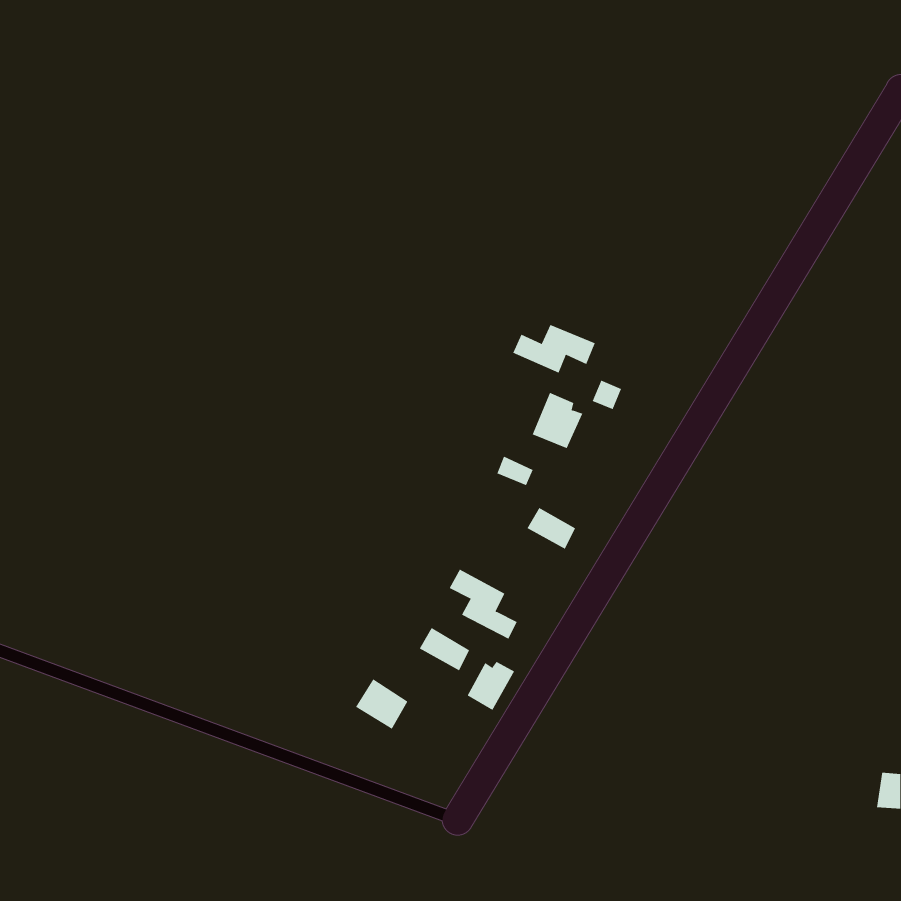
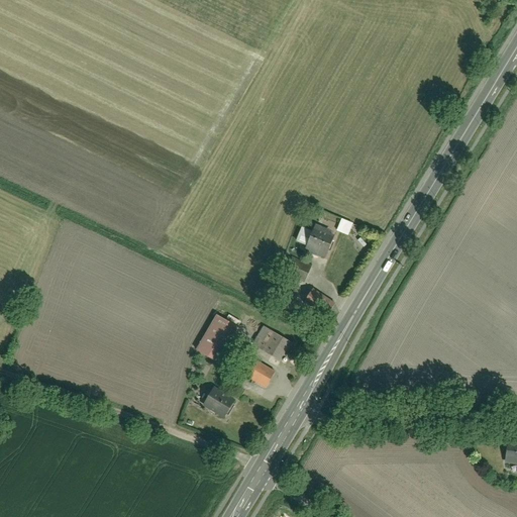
building: [512,324,595,374] -> none
building: none -> [197,318,235,359]
building: [467,661,515,711] -> none

